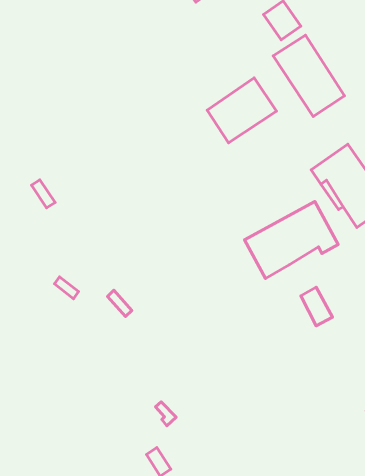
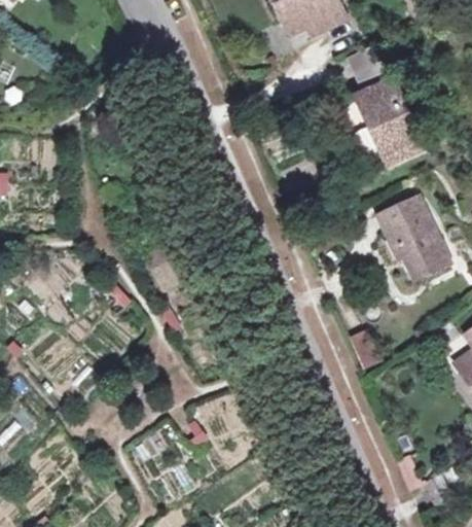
building: [207,78,277,143] -> none
building: [245,202,338,278] -> none

